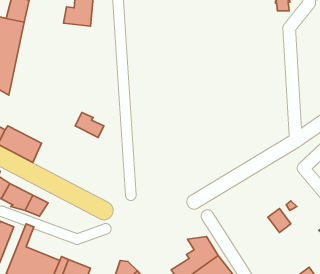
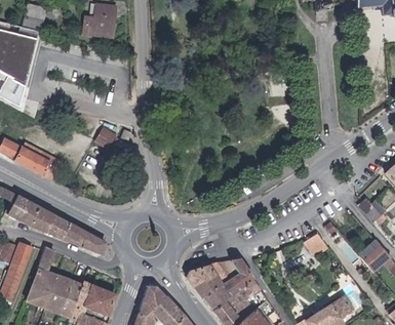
building: none -> [60,224,110,256]
building: none -> [184,262,225,295]

